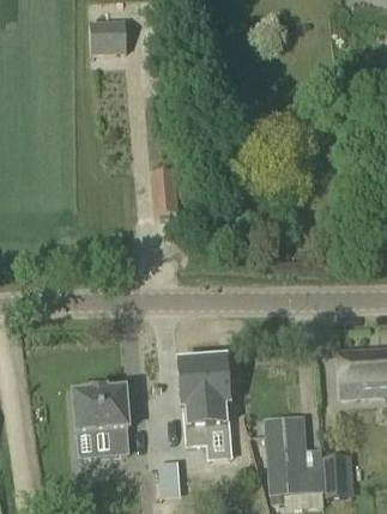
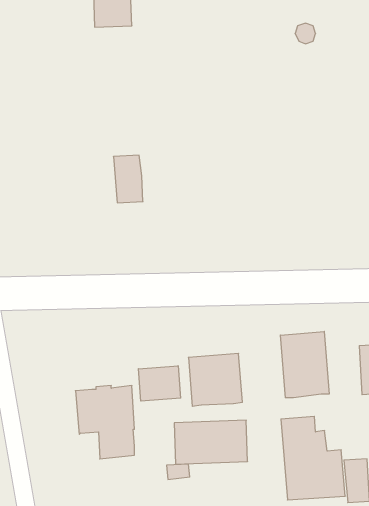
building: [151,170,179,214] -> [113,155,143,203]
building: none -> [280,331,329,398]
building: none -> [138,366,181,401]

